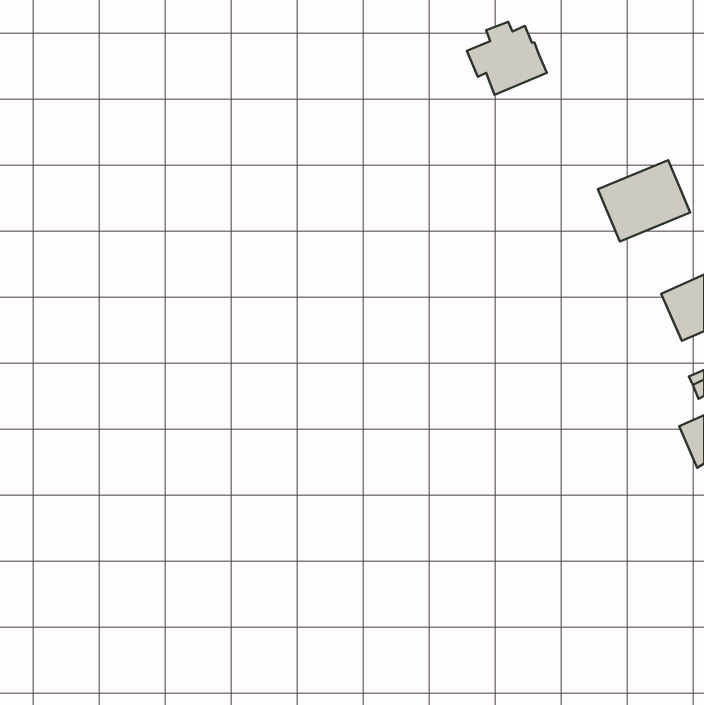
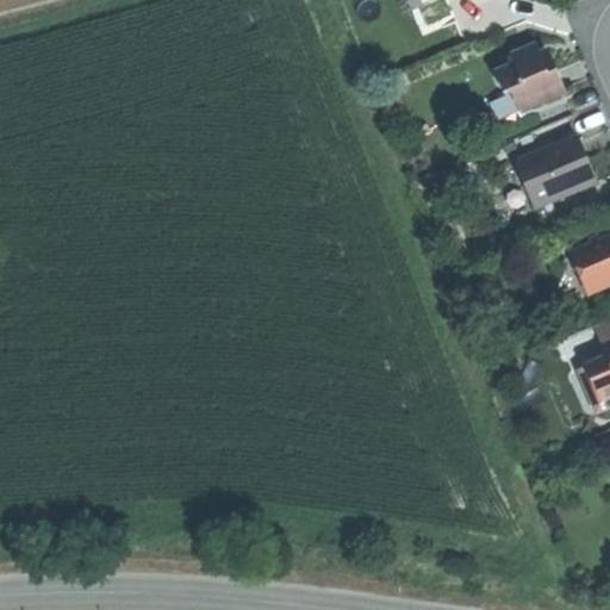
building: [467,22,547,95] -> [496,49,565,112]

